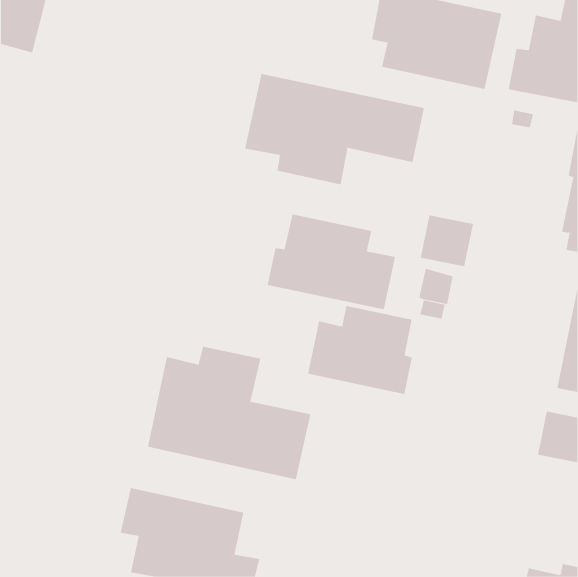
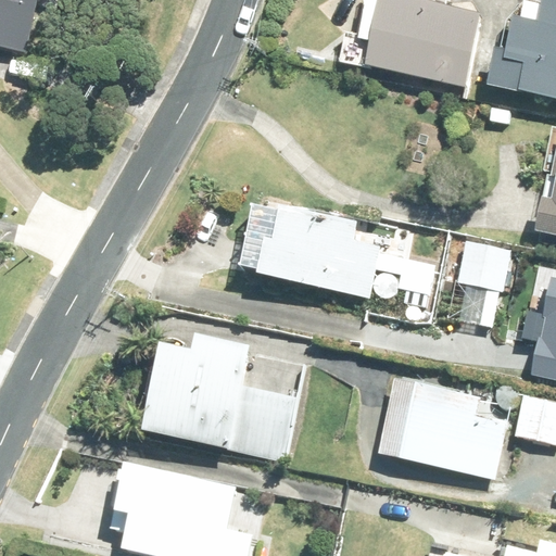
building: [245,73,424,185] -> none
building: [420,215,474,267] -> [458,241,510,291]
building: [307,305,412,395] -> none
building: none -> [380,377,508,479]

